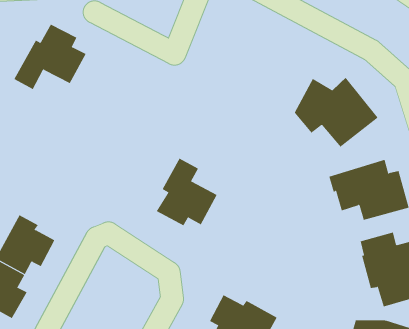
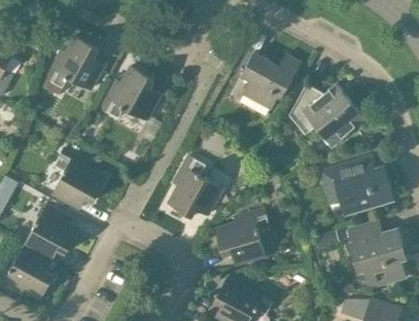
building: none -> [240,54,300,110]
building: none -> [100,67,161,121]
building: none -> [51,149,105,210]
building: none -> [215,210,269,265]

